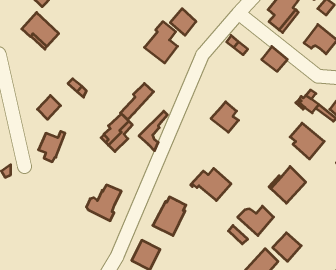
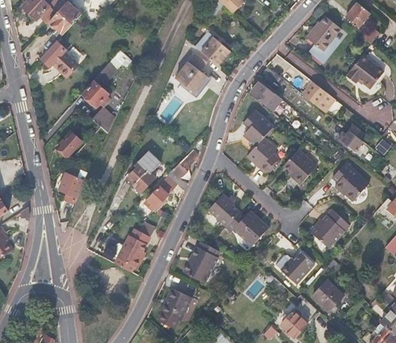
building: none -> [83,68,108,107]
building: none -> [250,80,282,110]
building: none -> [242,109,273,144]
building: [120,83,154,119] -> [141,175,177,214]
building: none -> [283,148,315,182]
building: none -> [205,196,236,228]

